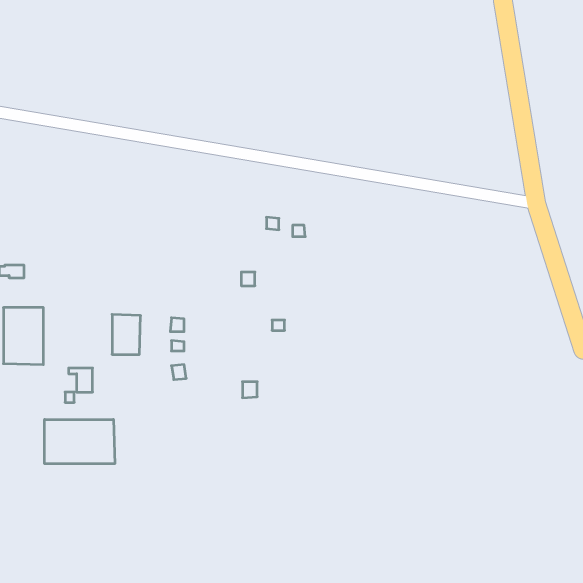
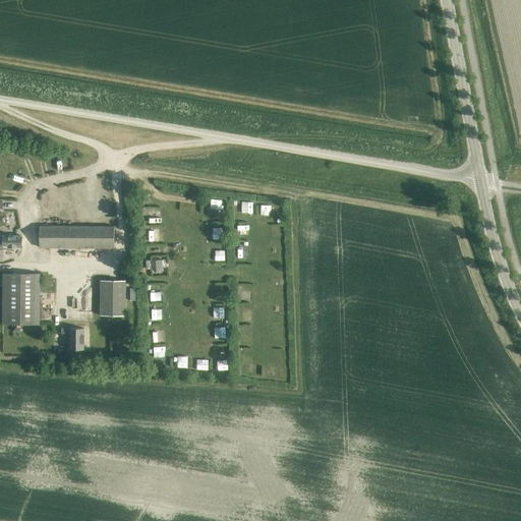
building: none -> [39,228,113,247]
building: [45,419,115,464] -> none

